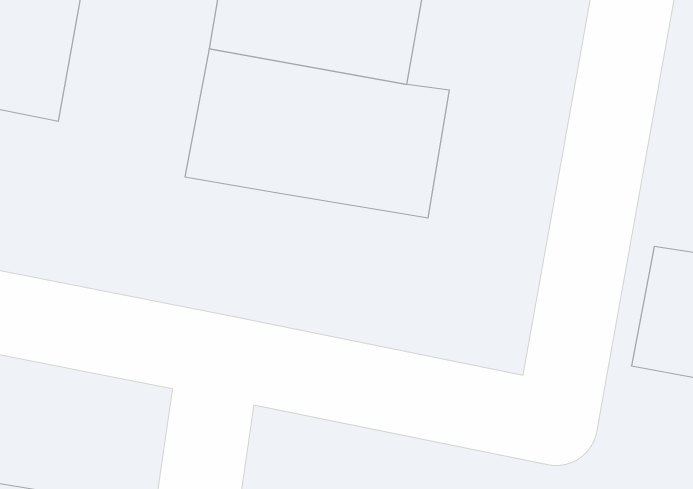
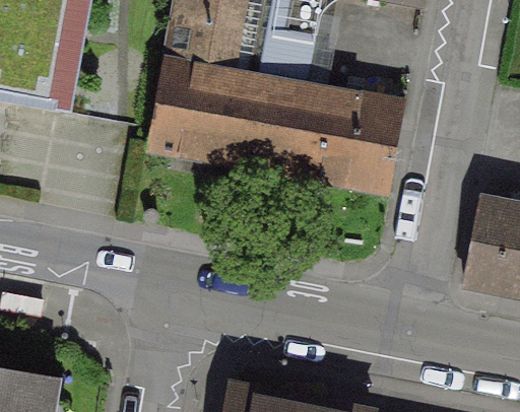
building: none -> [323,89,404,193]

